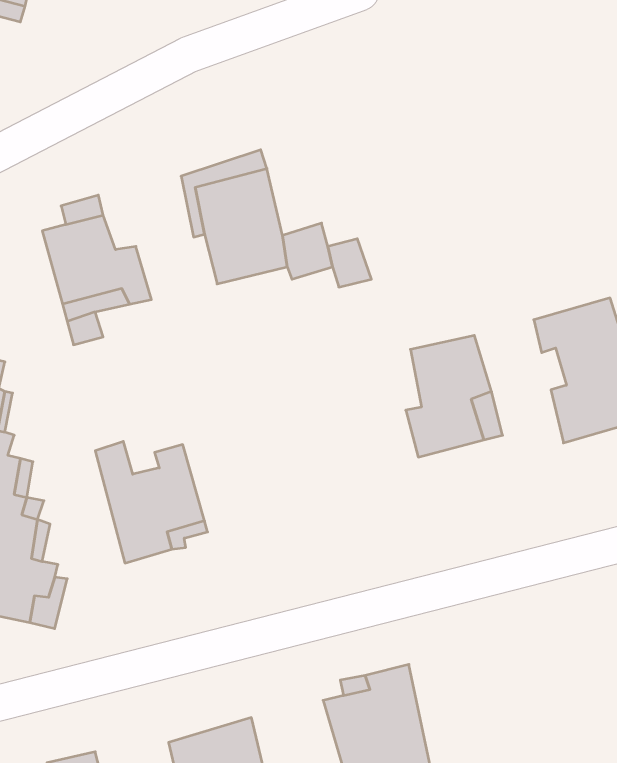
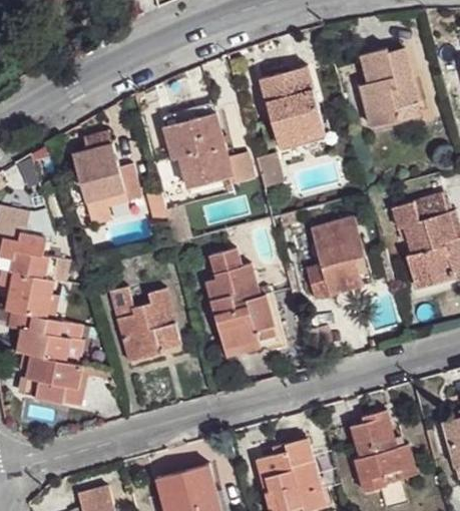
building: none -> [358,45,416,126]
building: none -> [263,65,327,144]
building: none -> [201,246,285,357]
building: none -> [348,406,410,490]

